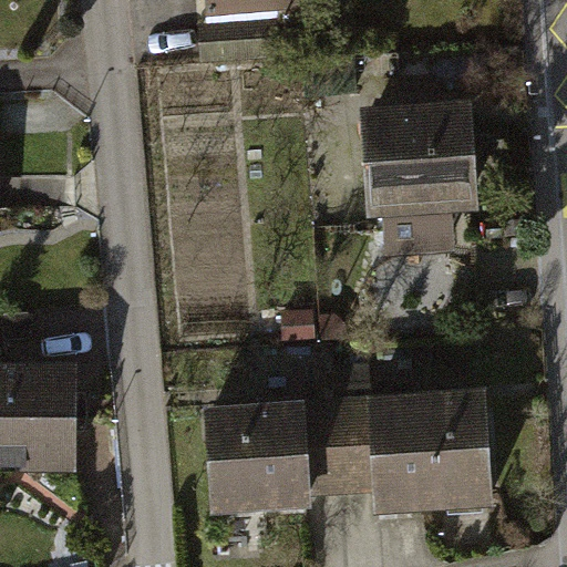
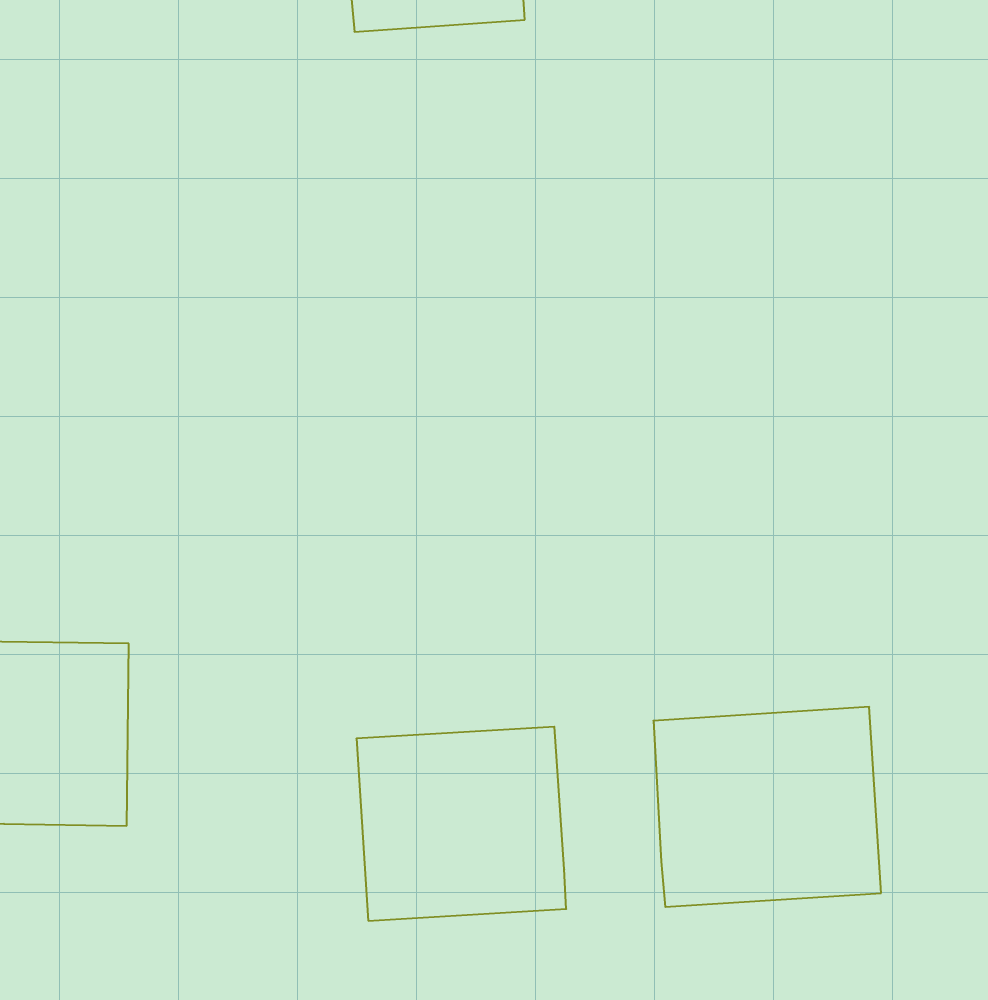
building: [364,104,481,245] -> none
building: [310,403,370,486] -> none

